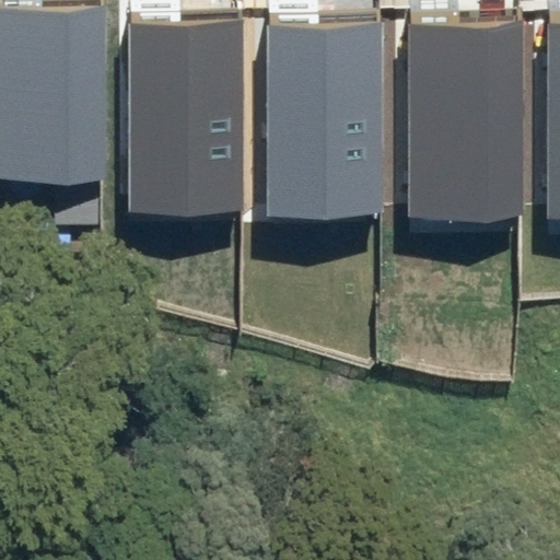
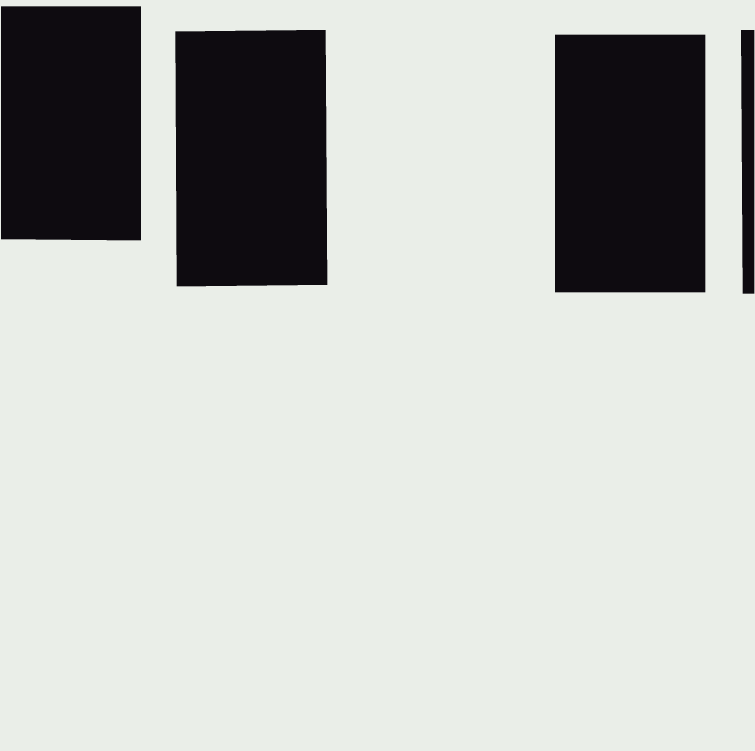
building: [267,26,378,219] -> none

